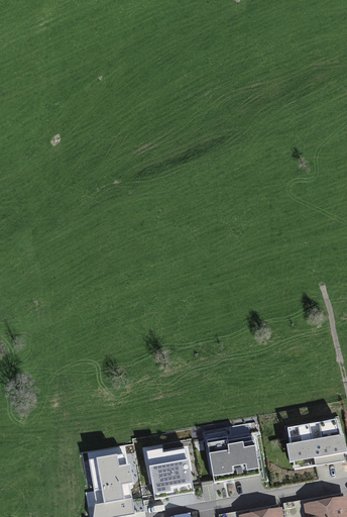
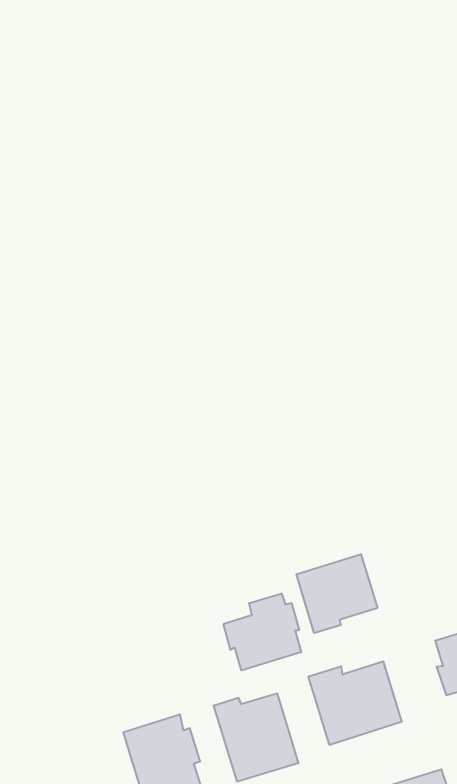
building: none -> [297,554,377,633]
building: none -> [224,593,301,670]

